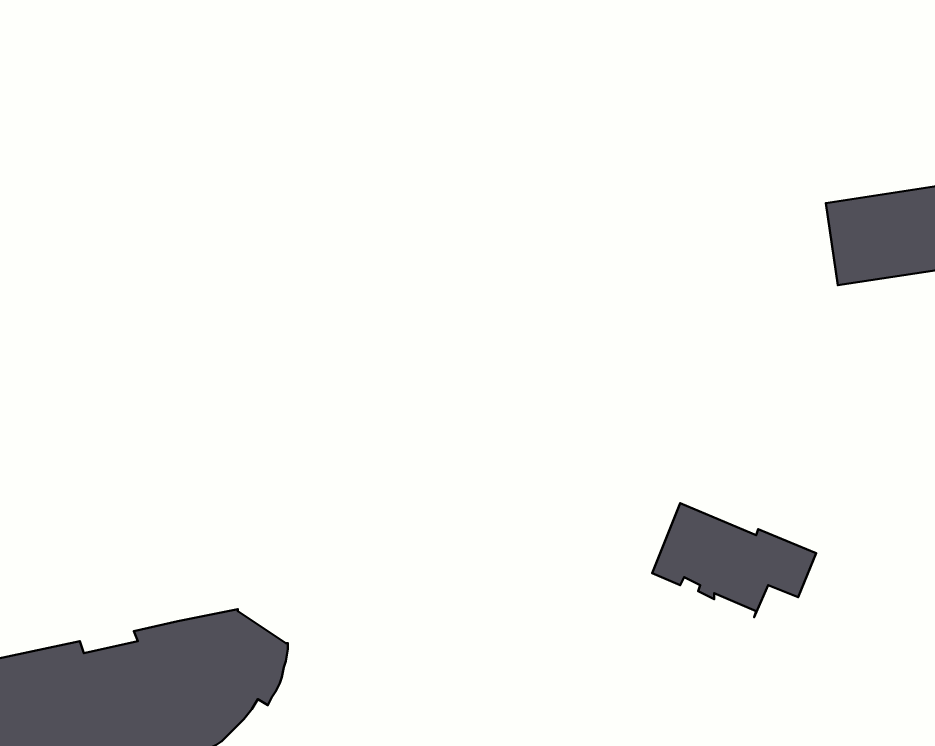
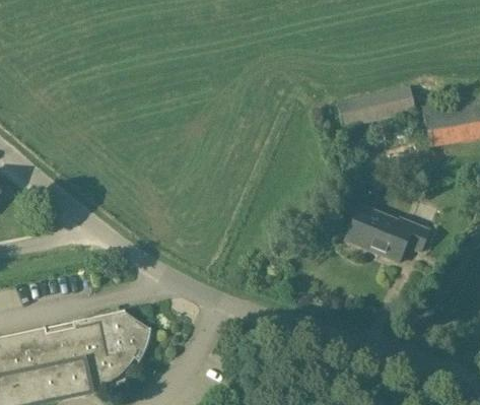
building: none -> [337,85,415,127]
building: [652,503,816,617] -> [345,204,428,262]

